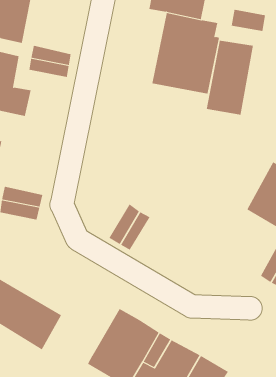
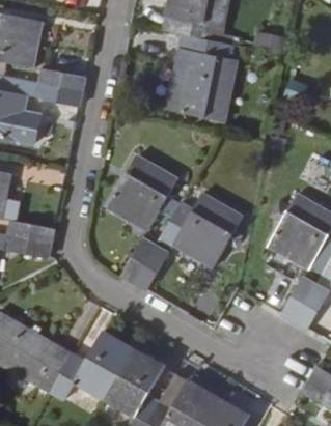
building: [206,40,253,115] -> none
building: none -> [108,154,177,228]
building: none -> [171,191,243,266]
building: none -> [51,332,133,400]

